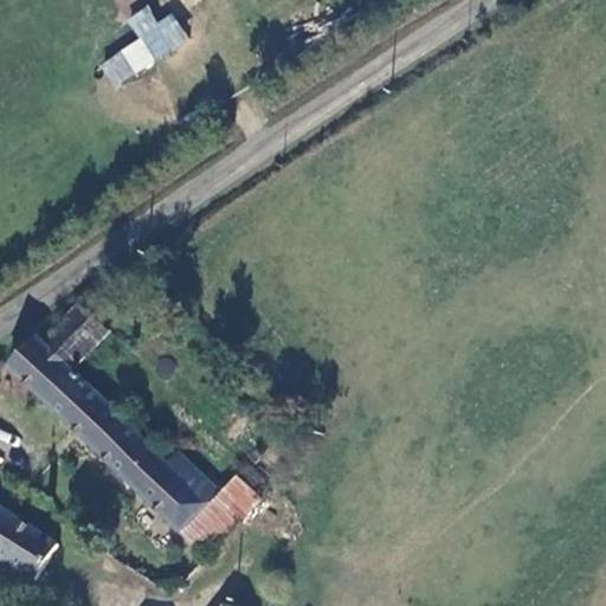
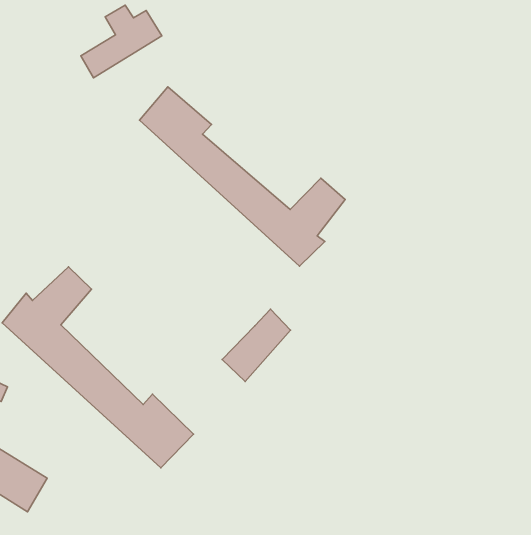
building: none -> [139,87,345,266]
building: [181,472,258,554] -> [222,309,290,382]

